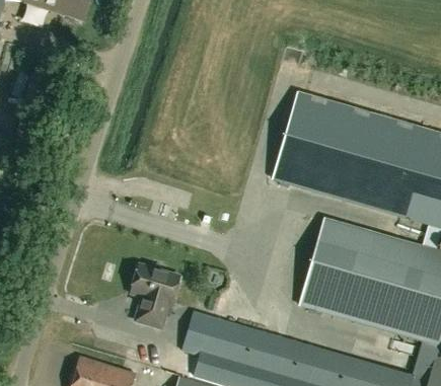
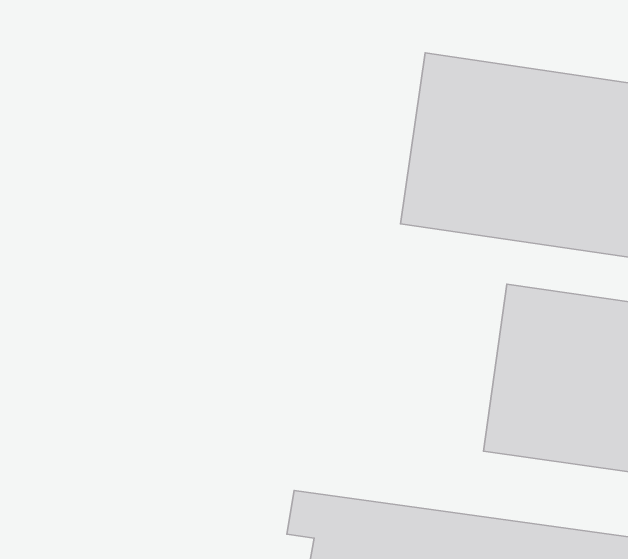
building: [131,264,179,326] -> none

